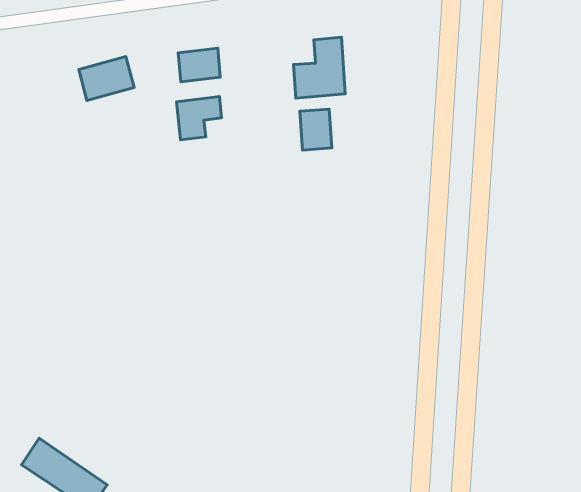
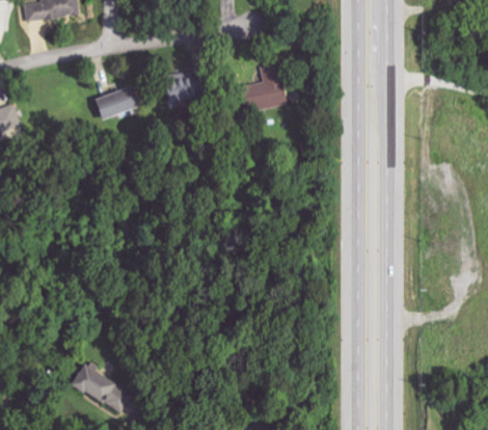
building: [176,96,222,140] -> none
building: [300,109,332,150] -> none

